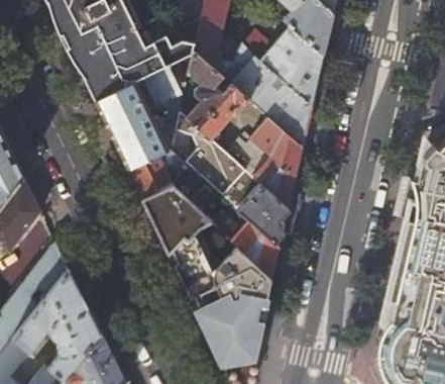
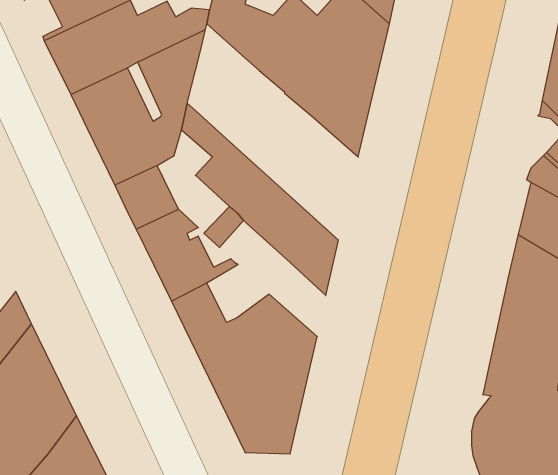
building: [188,53,248,139] -> none
building: [232,118,301,207] -> none
building: [213,212,277,276] -> none

